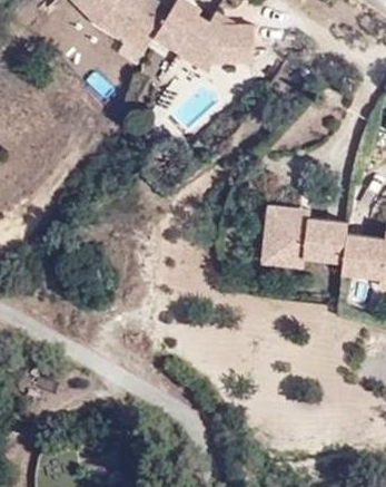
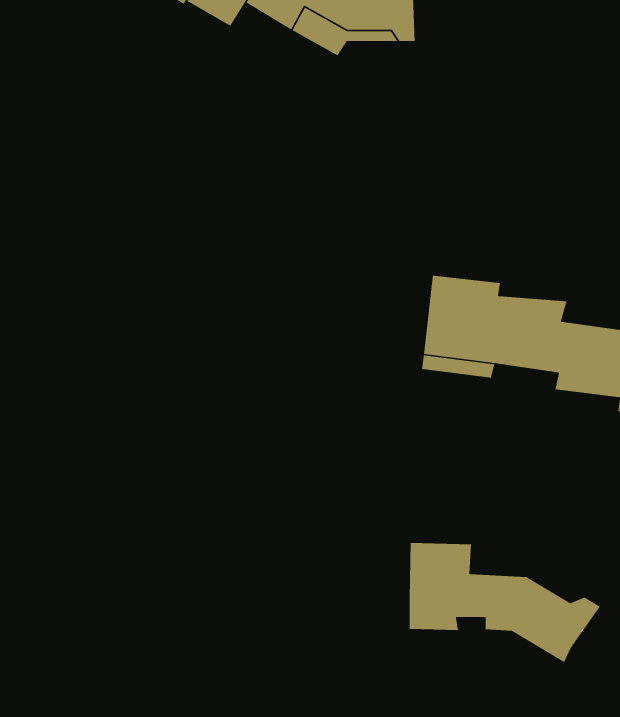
building: none -> [409,542,601,663]

